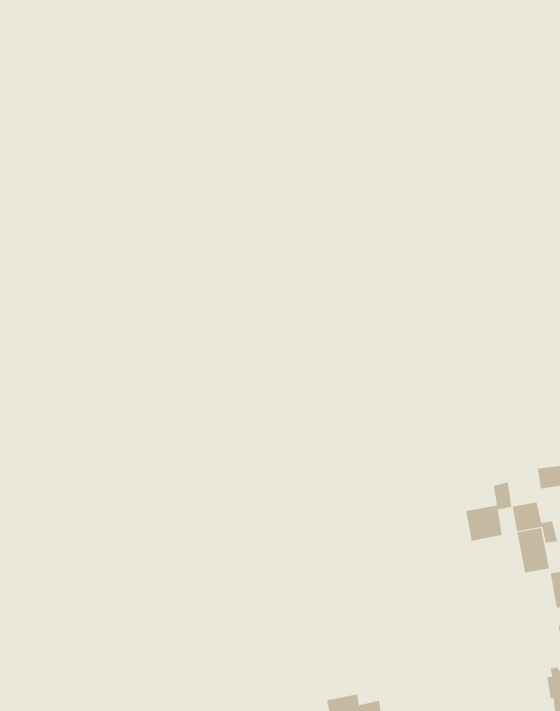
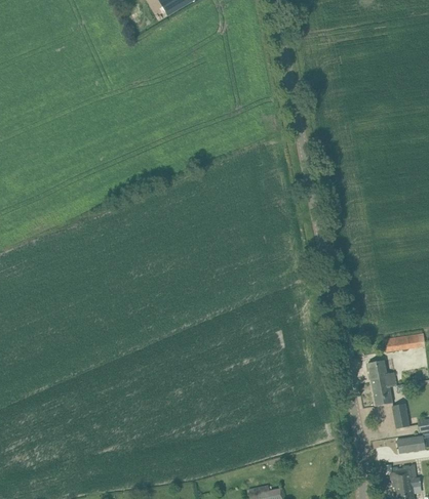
building: [466,482,512,541] -> none

